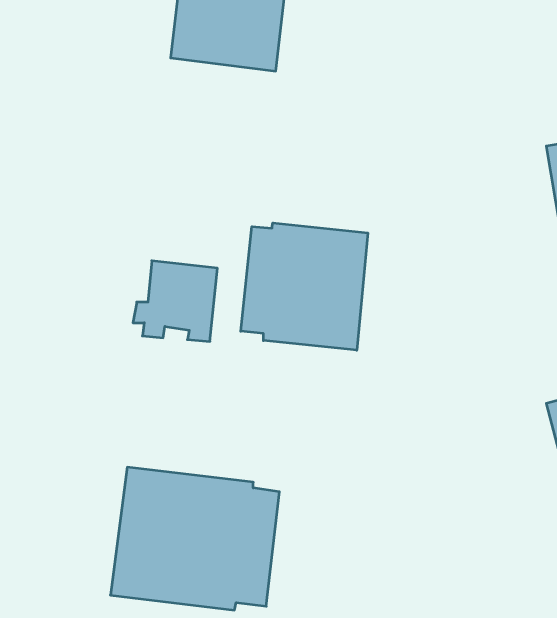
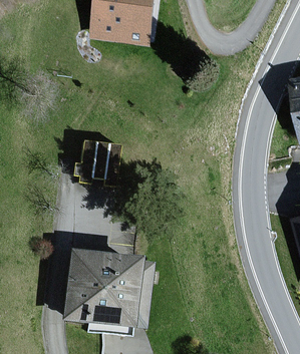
building: [241,223,368,350] -> none

